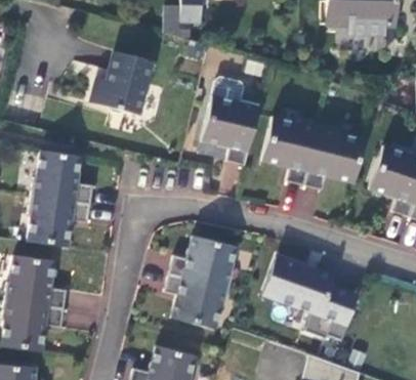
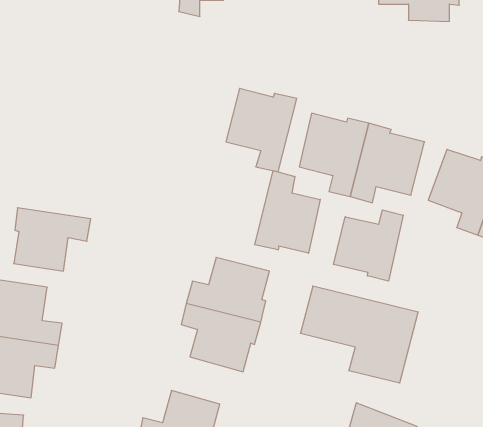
building: [90,50,154,115] -> none
building: [30,150,93,204] -> none
building: none -> [255,171,320,253]
building: none -> [333,210,403,281]

